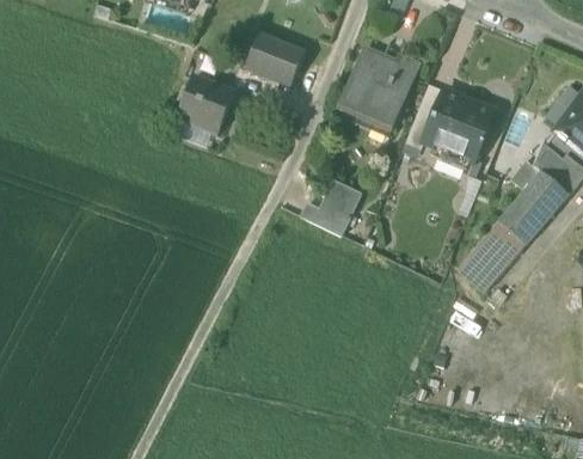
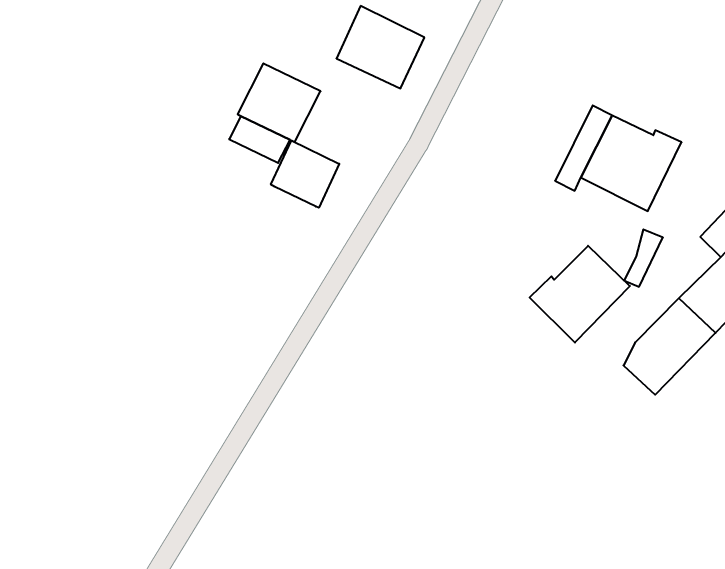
building: [342,54,416,128] -> none
building: none -> [271,141,339,208]
building: [302,180,361,234] -> none
building: none -> [530,246,630,343]

